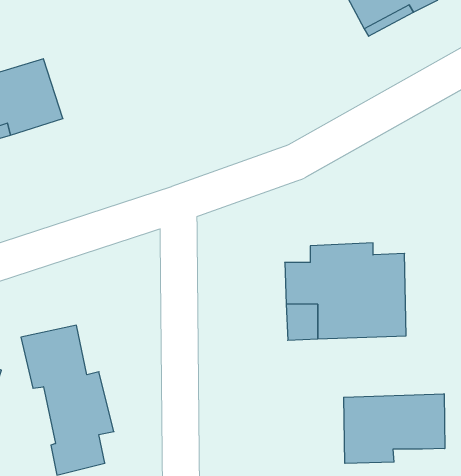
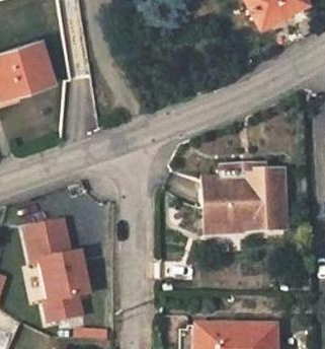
building: [344,394,445,463] -> none

